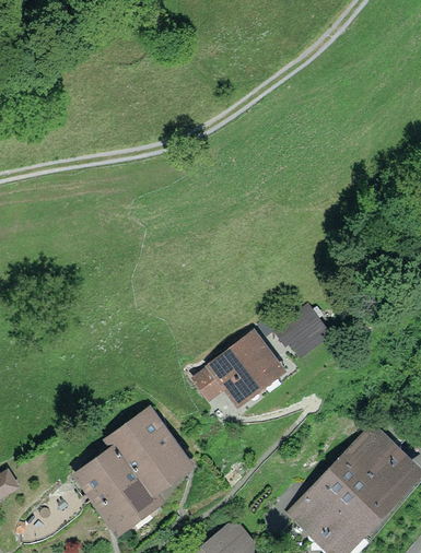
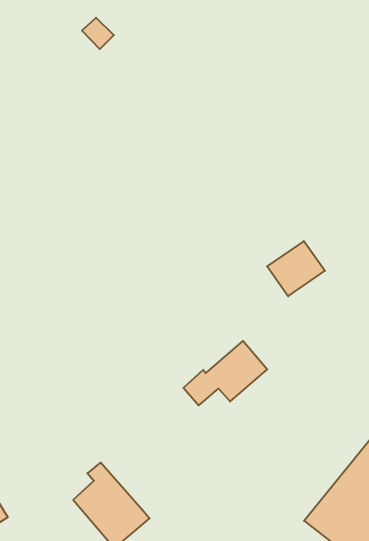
building: [274,302,328,352] -> [267,241,325,296]
building: [107,413,178,487] -> none

